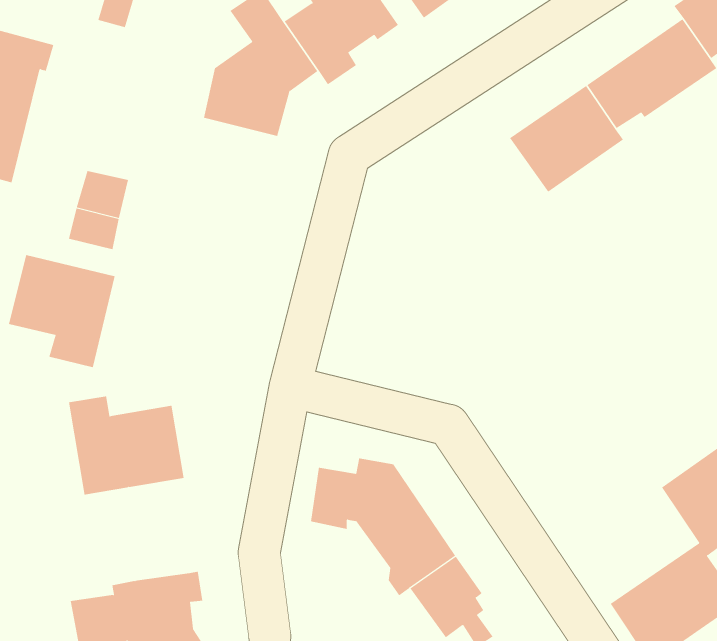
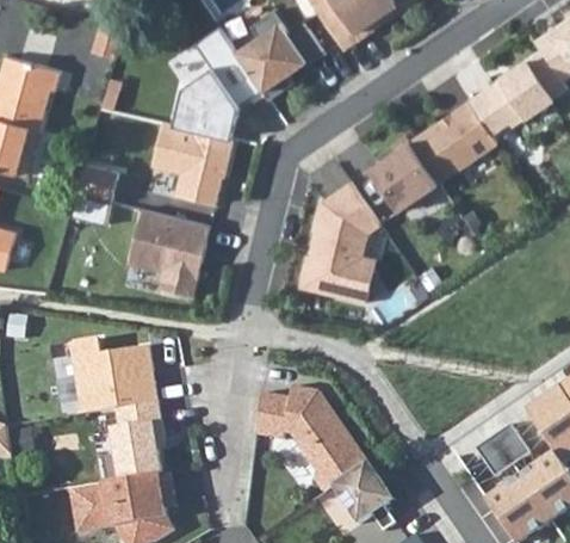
building: none -> [150,122,231,204]
building: none -> [368,140,438,210]
building: none -> [299,180,379,303]
building: [8,254,115,368] -> [126,209,209,296]
building: none -> [112,401,165,480]
building: none -> [475,422,531,477]

